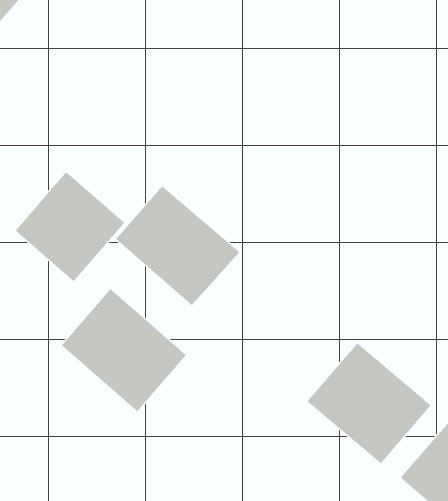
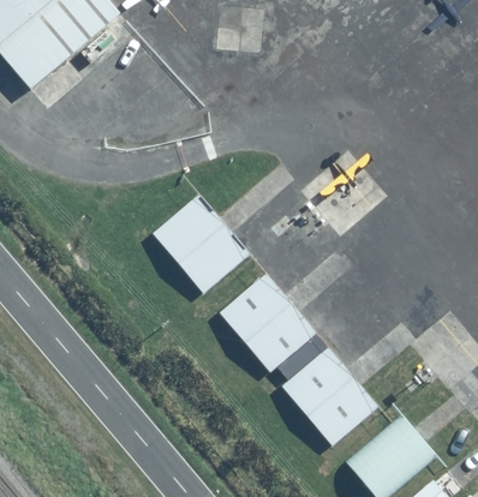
building: [15,171,125,282] -> none
building: [61,288,187,412] -> [219,270,317,372]

